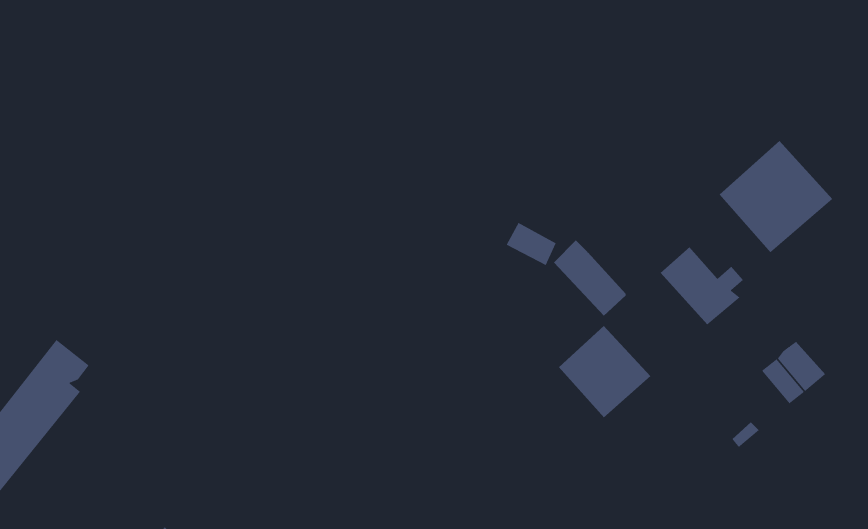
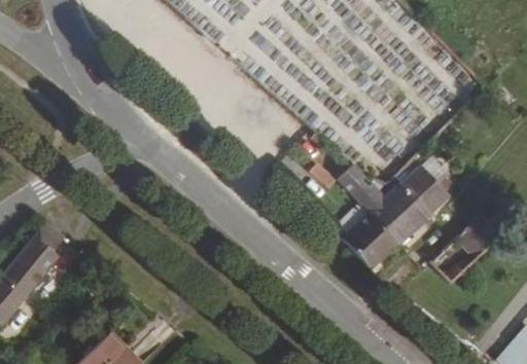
building: [719,140,833,253] -> none
building: none -> [367,183,428,244]

